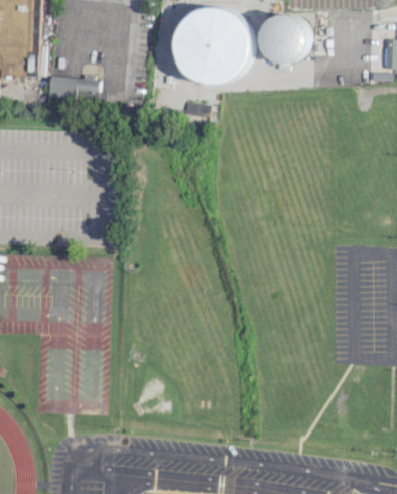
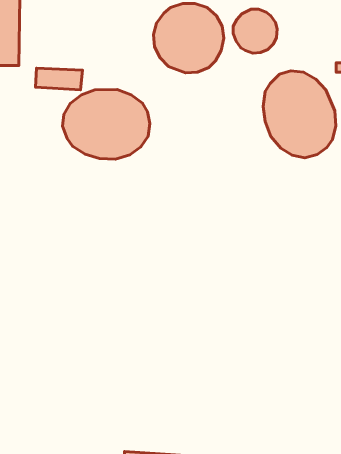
building: none -> [263,71,336,158]
building: none -> [63,90,150,159]

